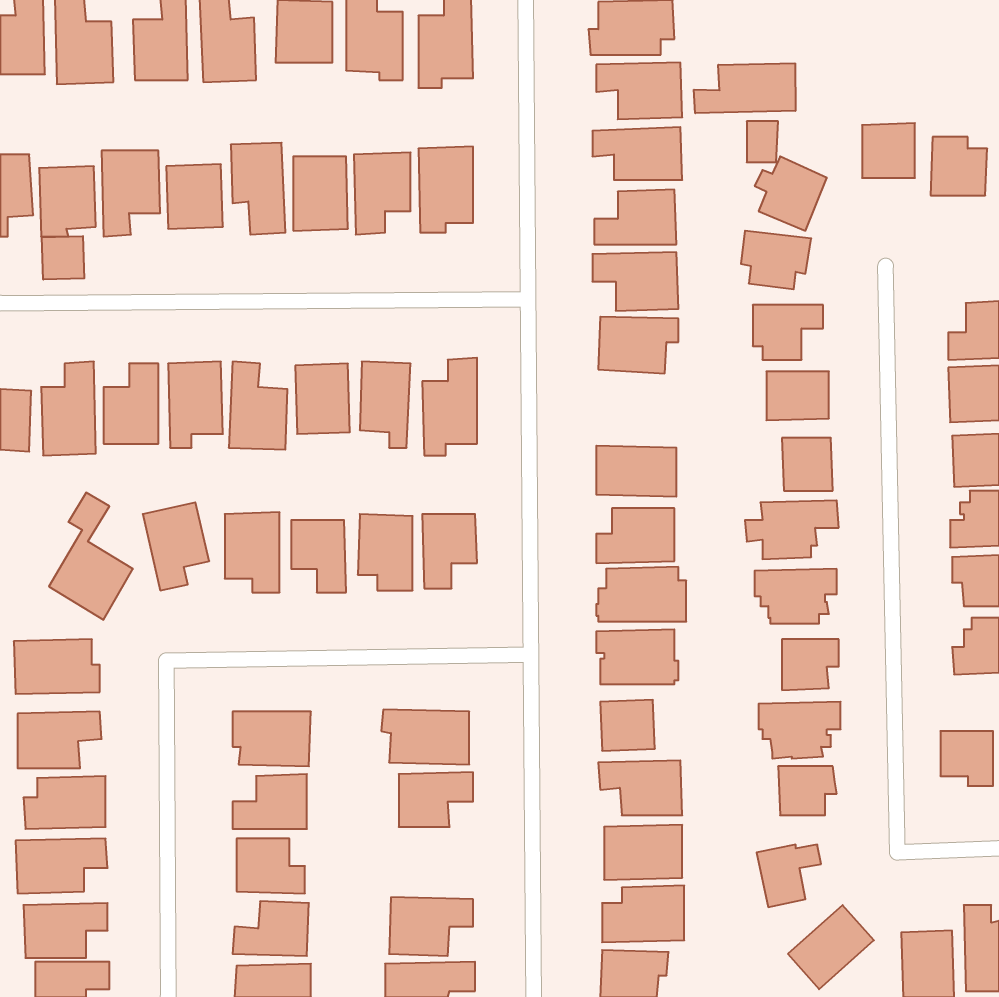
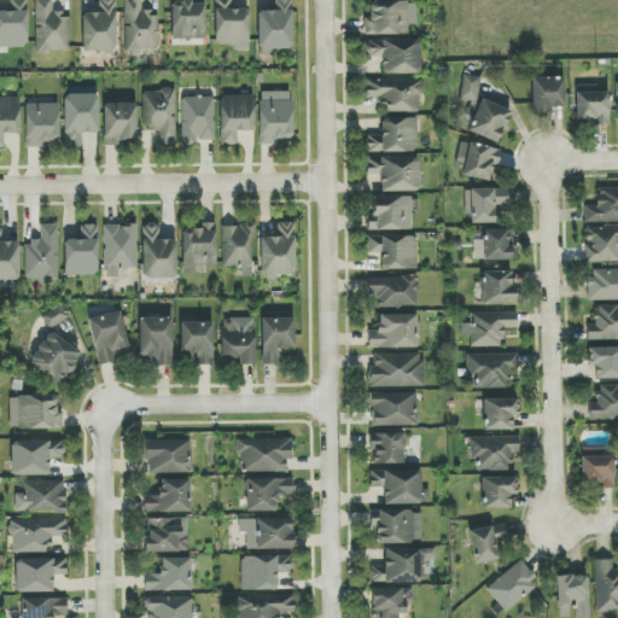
building: [694,63,795,113] -> none
building: [42,236,84,280] -> none
building: none -> [367,234,416,269]
building: none -> [246,518,292,548]

